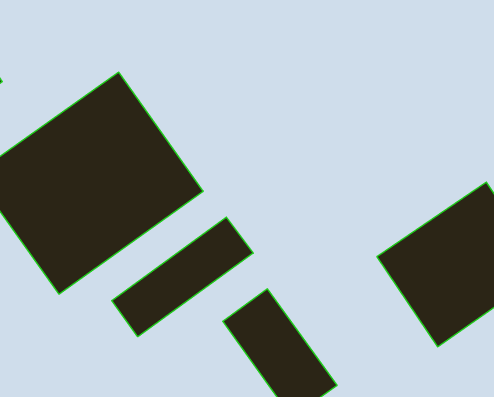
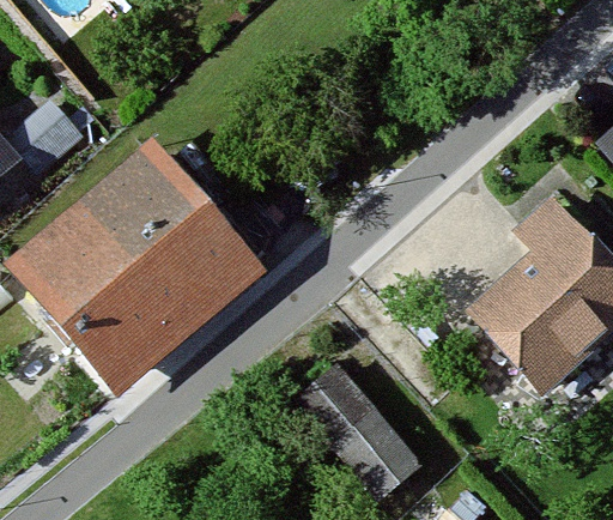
building: [112,217,253,337] -> none

